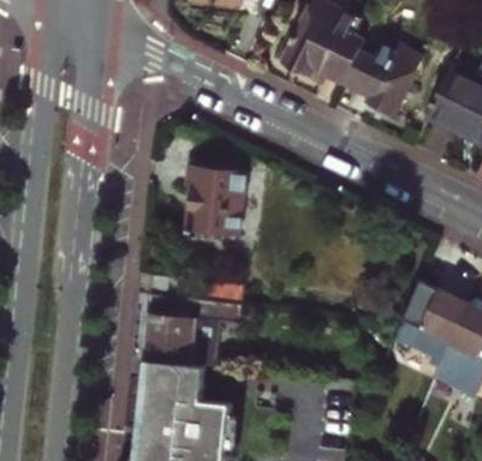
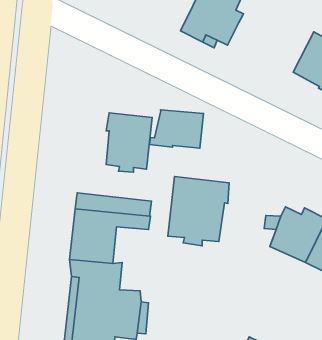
building: [341,38,421,116] -> none
building: none -> [149,110,204,148]
building: none -> [168,176,229,246]

